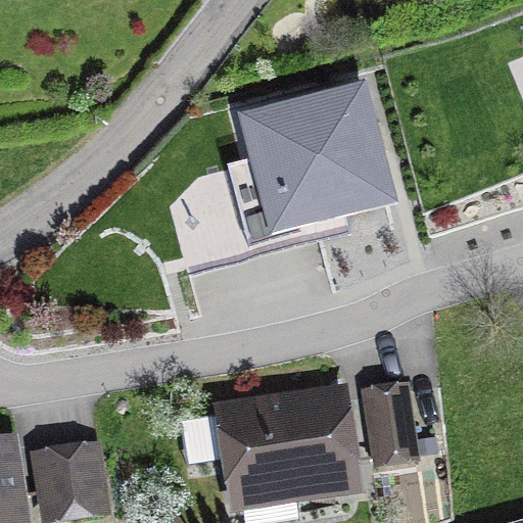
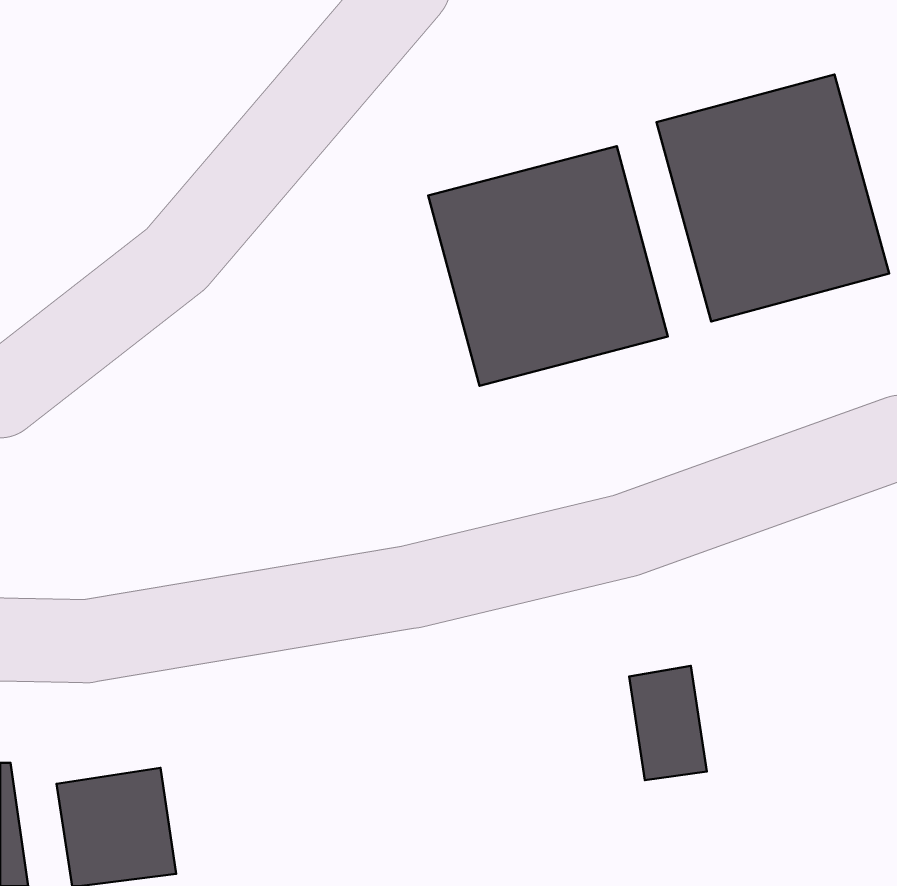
building: none -> [656,74,889,321]
building: [225,393,349,498] -> none

